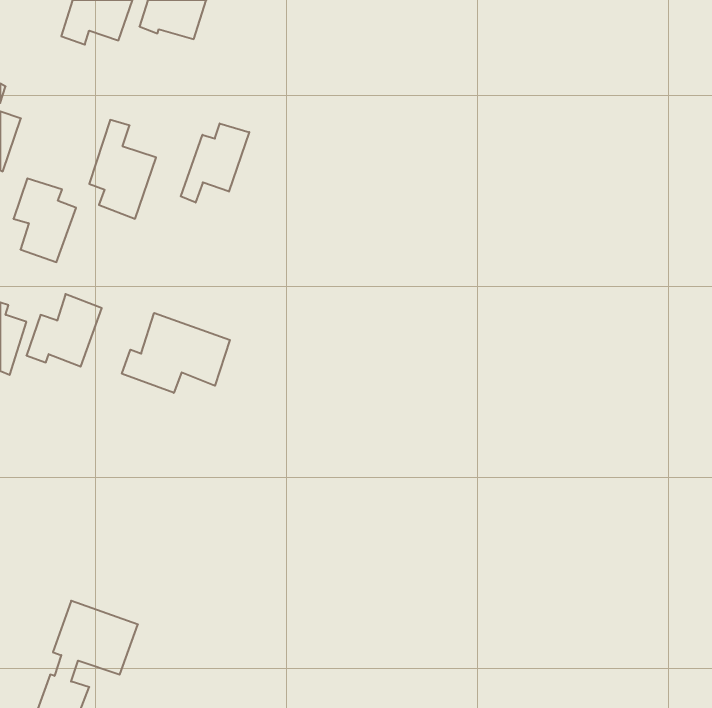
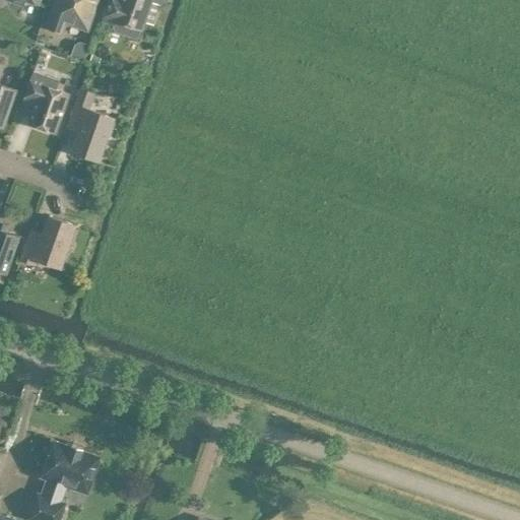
building: [181,123,249,203] -> none
building: [13,178,76,262] -> [23,73,69,134]
building: [122,313,230,393] -> none

